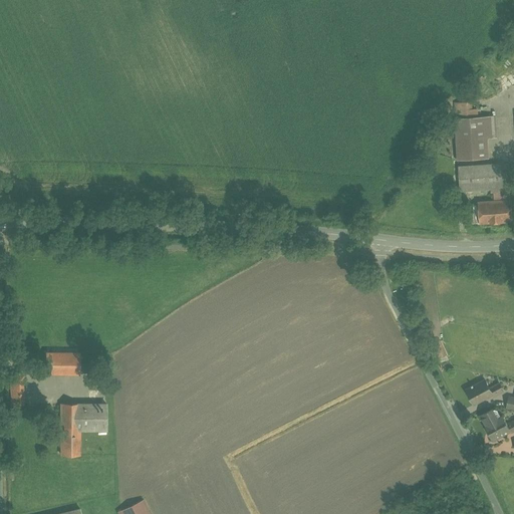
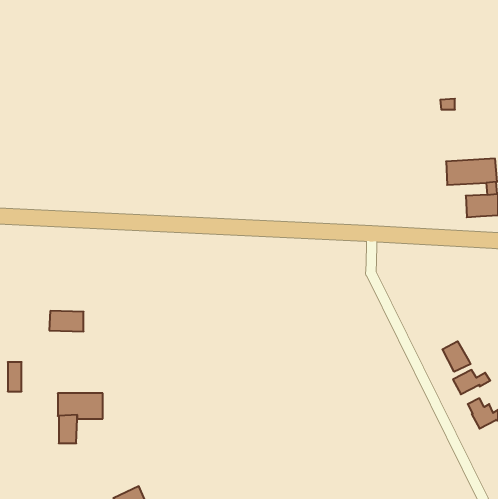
building: [455,116,490,161] -> none
building: none -> [442,341,471,372]
building: [44,353,79,374] -> [49,311,84,331]

